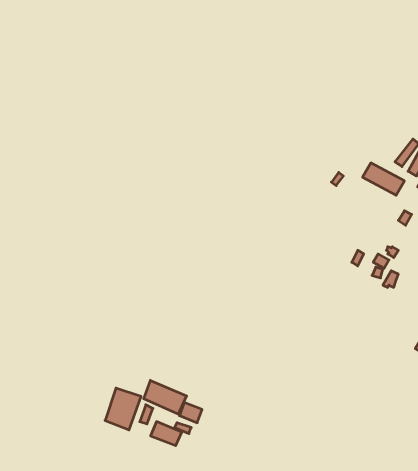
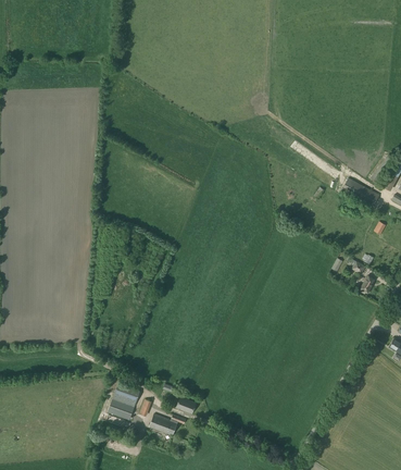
building: [144,380,187,414] -> none

